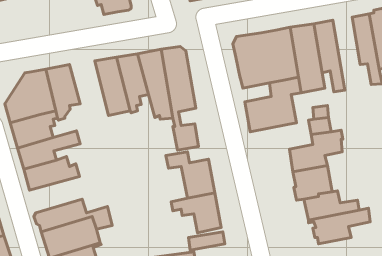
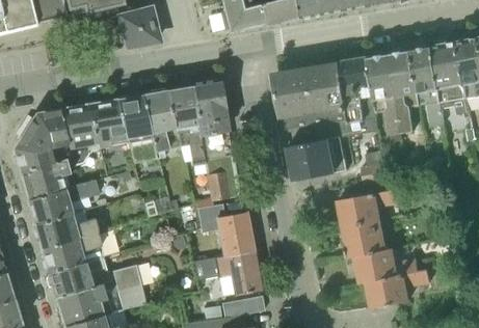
building: none -> [390,50,421,133]
building: none -> [88,100,127,148]
building: none -> [43,231,105,273]

